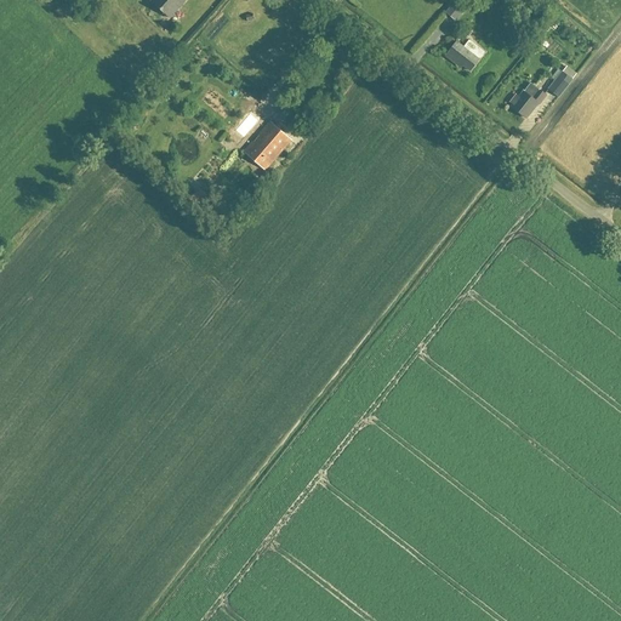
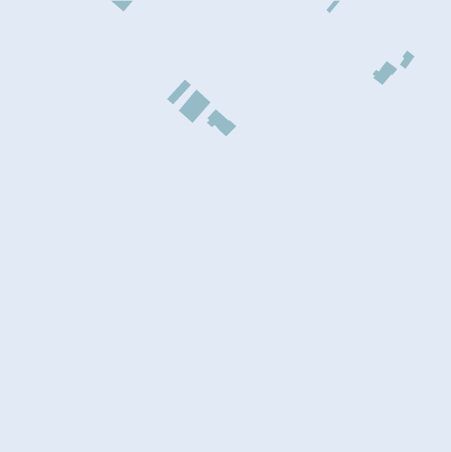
building: [444,40,484,72] -> none
building: none -> [206,109,237,137]

